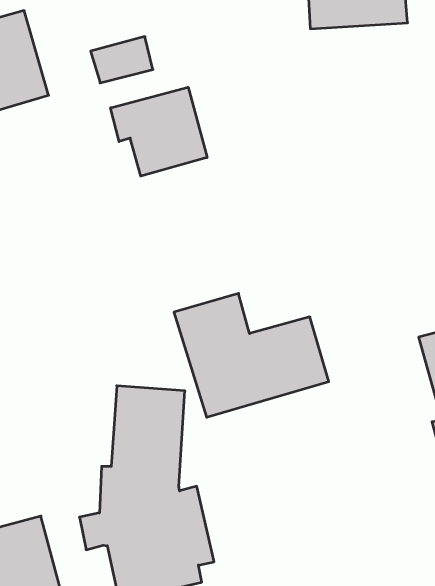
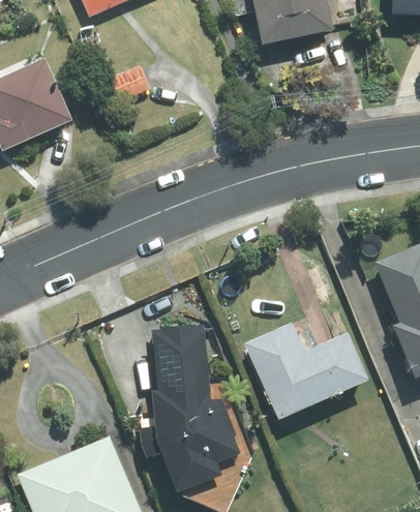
building: [111,87,207,176] -> none
building: [174,293,329,417] -> [245,322,368,418]

